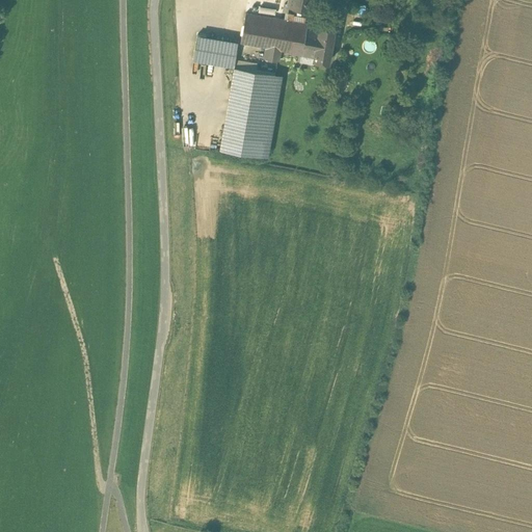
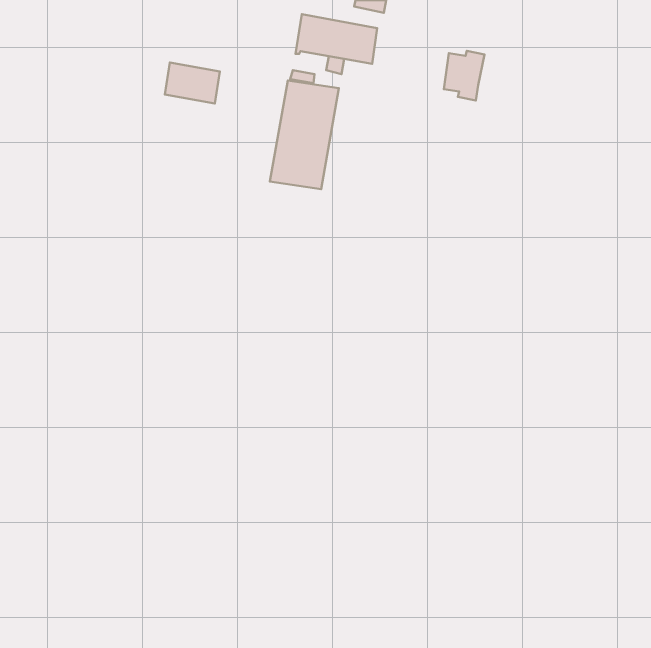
building: [304,25,338,65] -> [444,51,485,101]
building: [195,36,240,70] -> [165,62,220,103]

